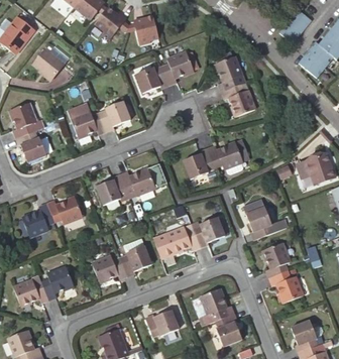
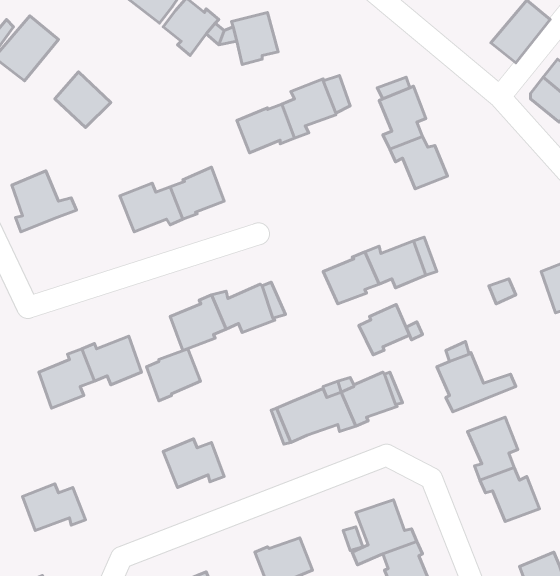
building: [14,130,44,162] -> none
building: none -> [359,305,409,355]
building: [121,246,151,275] -> [146,349,200,401]
building: [43,266,74,300] -> none

